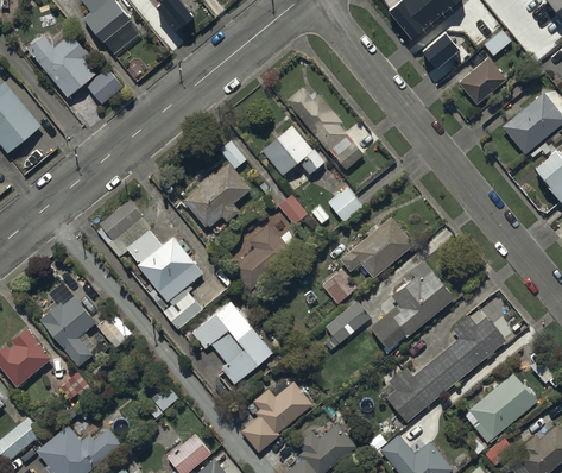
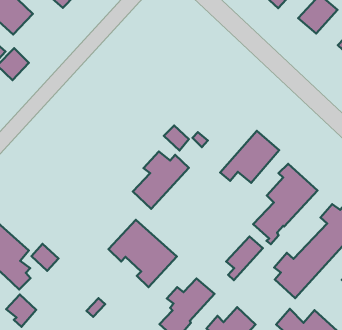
building: [284,86,364,169] -> none
building: [260,124,324,175] -> none
building: [183,141,251,226] -> none
building: [328,188,361,222] -> none
building: [99,200,203,332] -> none
building: [323,271,358,305] -> none
building: [324,302,371,352] -> [226,236,263,280]

